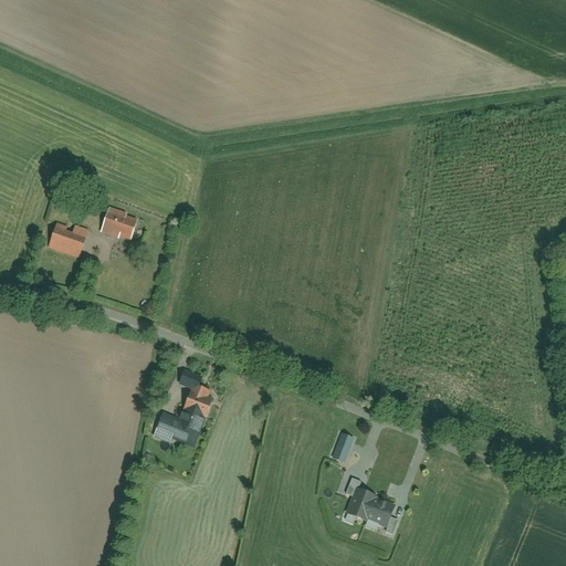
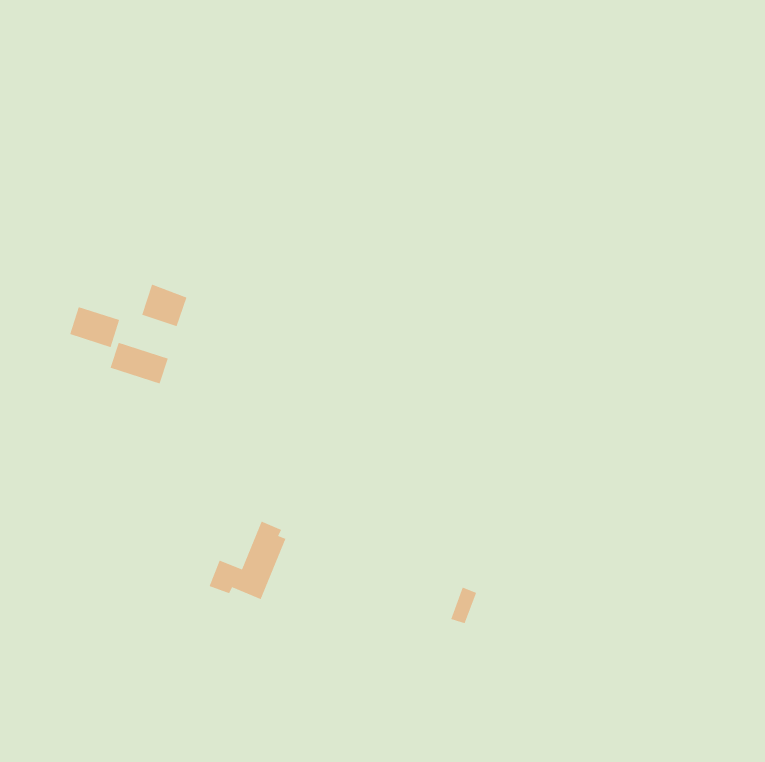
building: none -> [110,342,169,385]
building: [348,488,394,524] -> none

